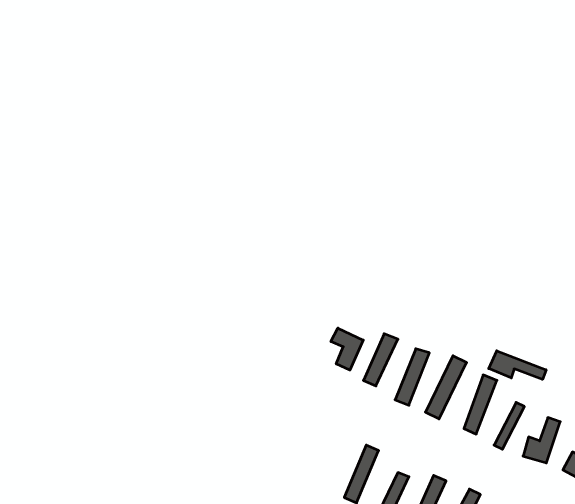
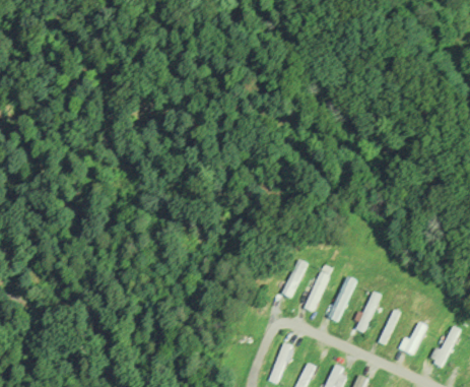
building: [331,328,363,370] -> none
building: [489,351,546,379] -> none

